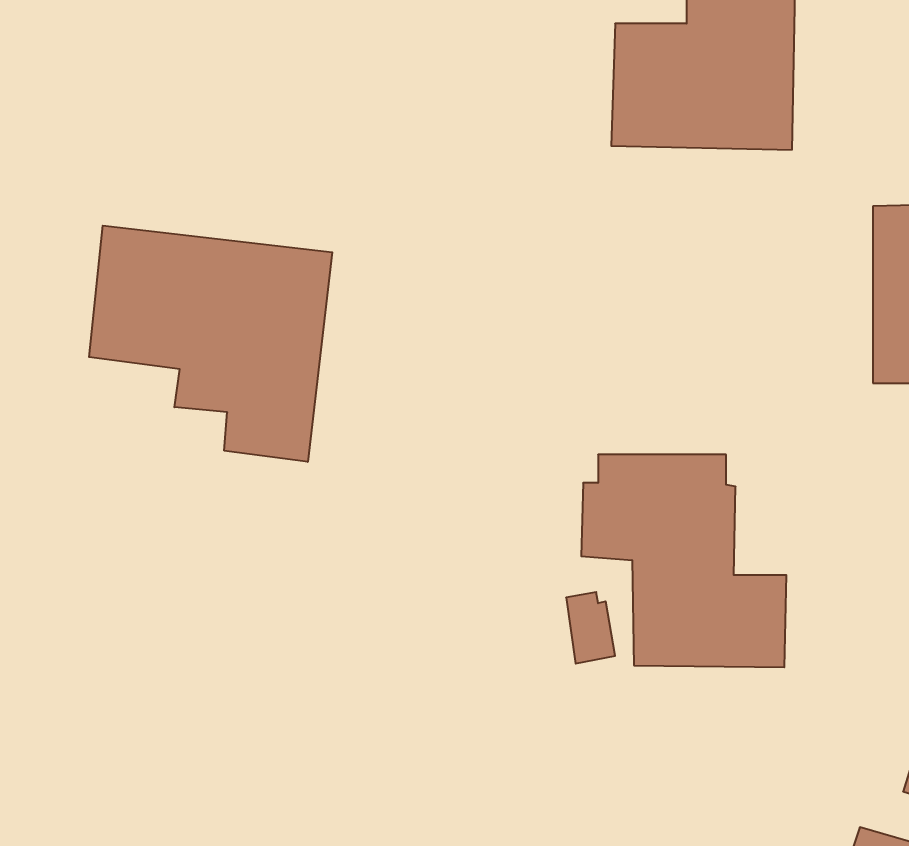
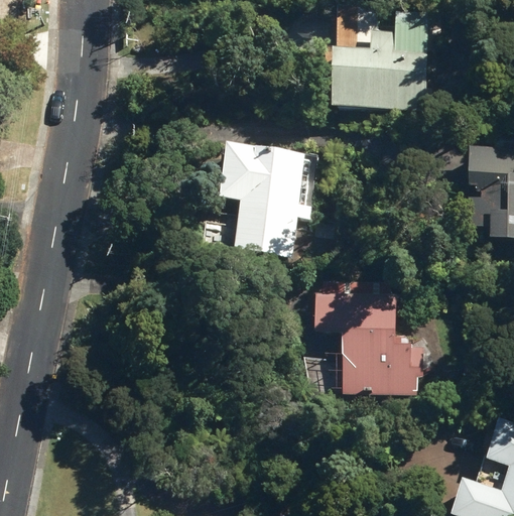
building: none -> [222,143,311,255]
building: [89,226,332,462] -> none

